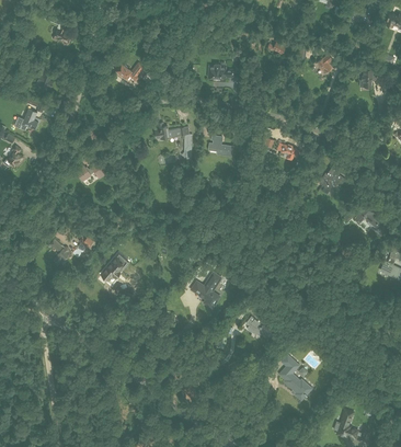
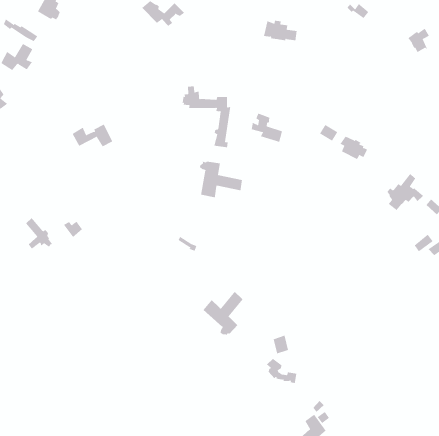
building: none -> [199,161,243,198]
building: [98,256,124,289] -> none

